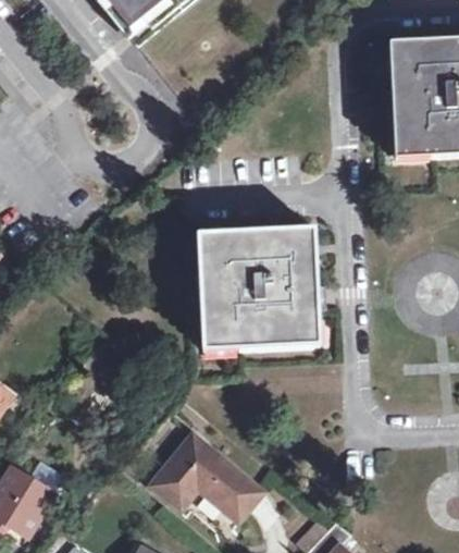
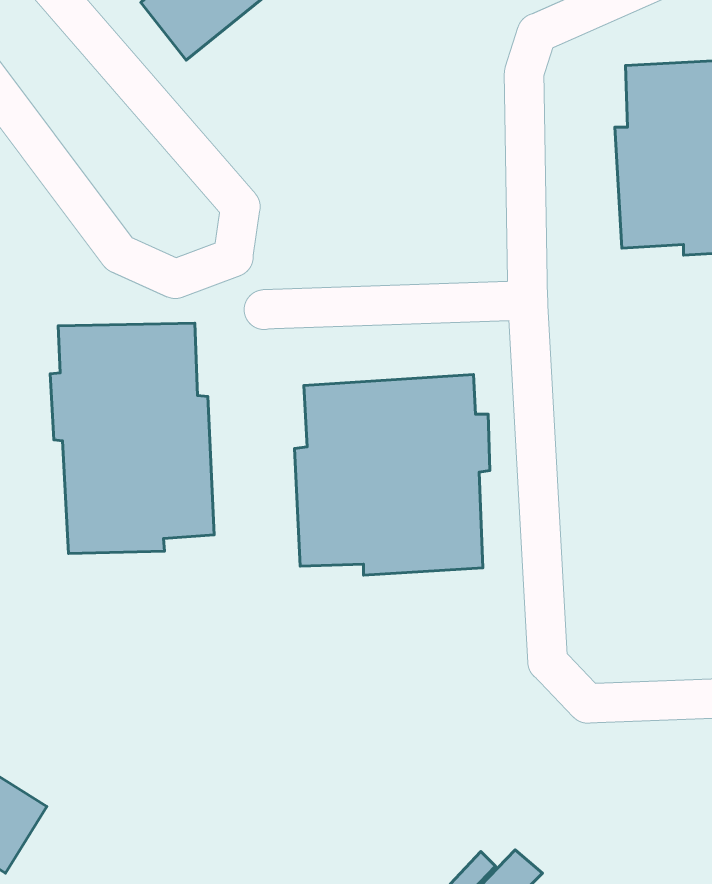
building: none -> [50,323,214,553]
building: [148,428,260,514] -> none

